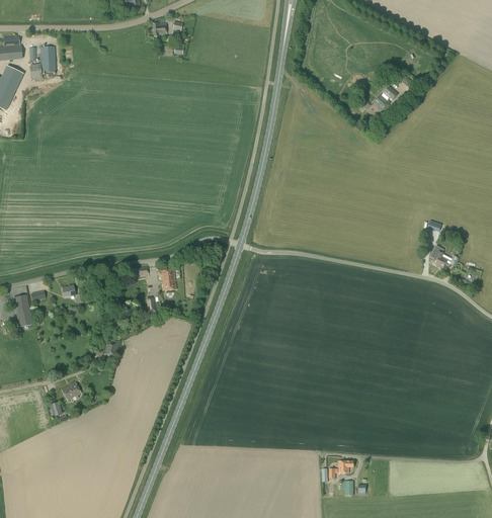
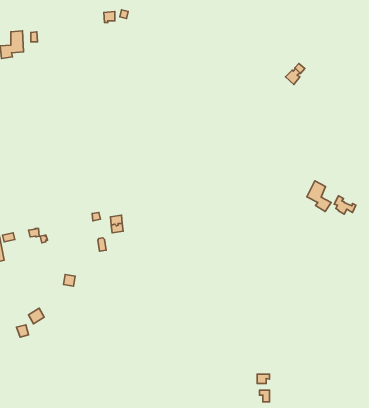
building: none -> [307,181,331,212]

